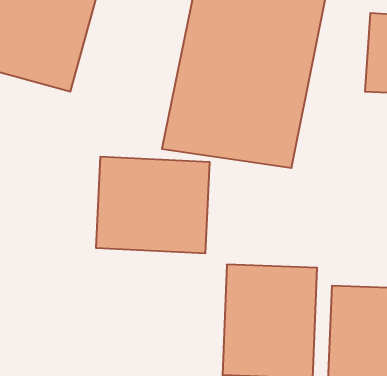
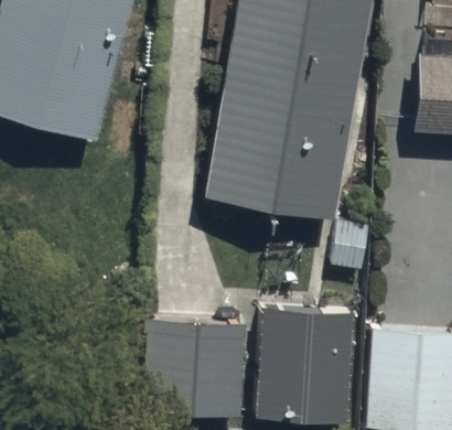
building: [96,157,210,253] -> [131,320,249,420]

